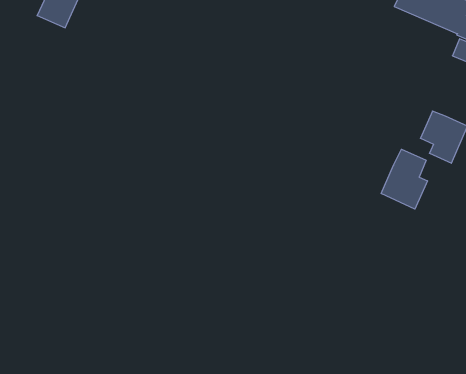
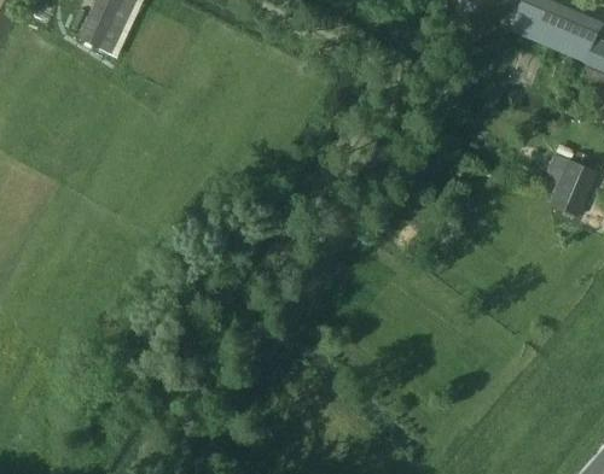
building: [381,149,427,209] -> none

